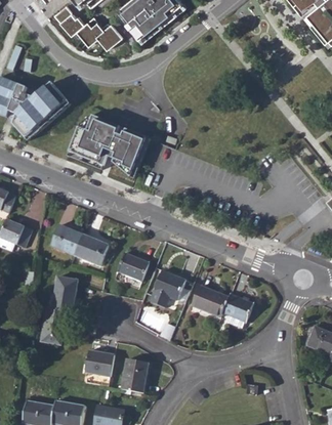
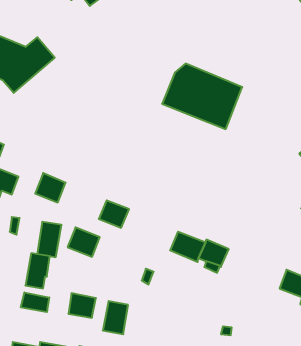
building: [67,114,151,182] -> [162,64,242,129]
building: [74,235,108,265] -> [68,227,100,257]
building: [150,270,185,307] -> none
building: none -> [21,292,49,312]

